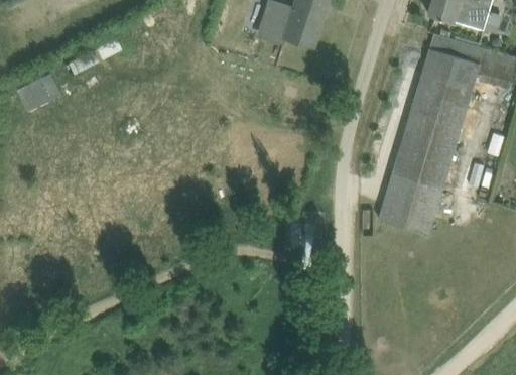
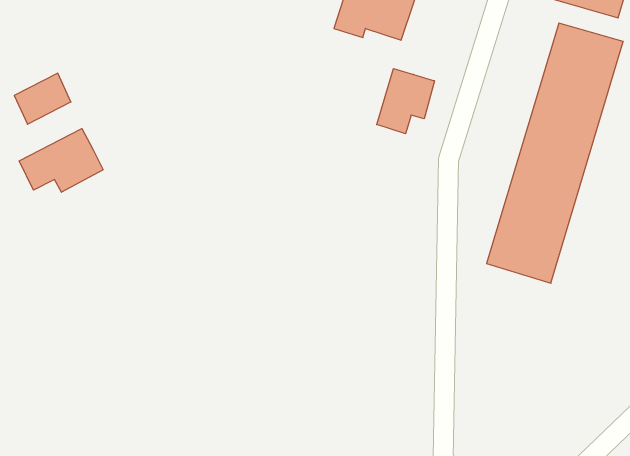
building: none -> [377,69,434,134]
building: none -> [19,129,103,192]

